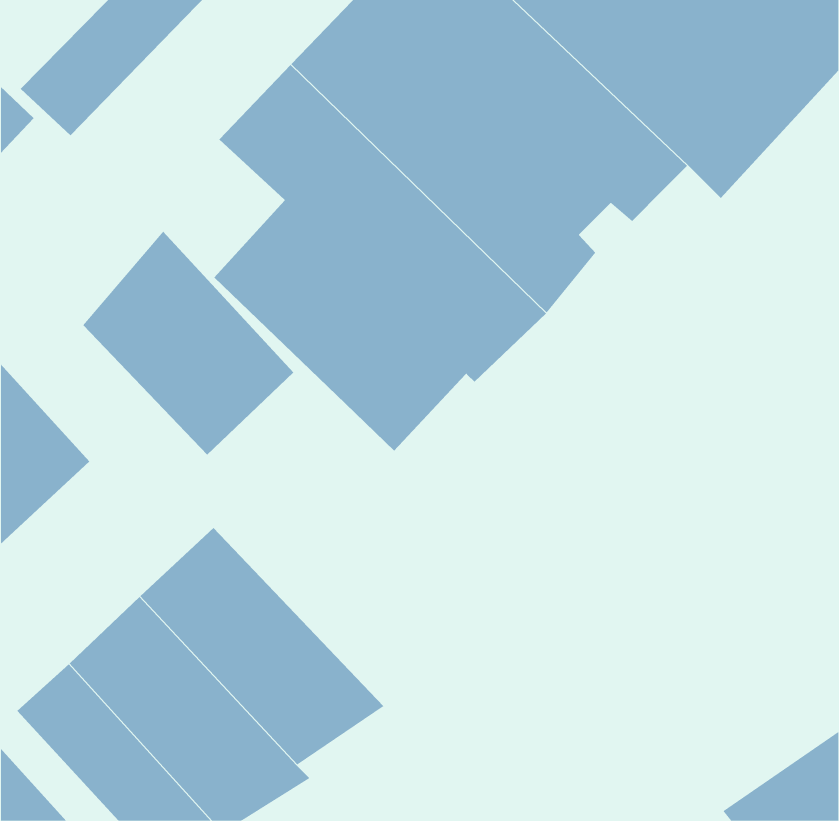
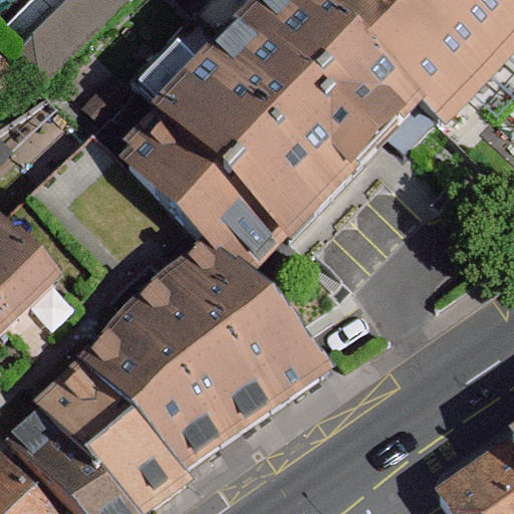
building: [82,231,294,456] -> none
building: none -> [131,247,327,432]

